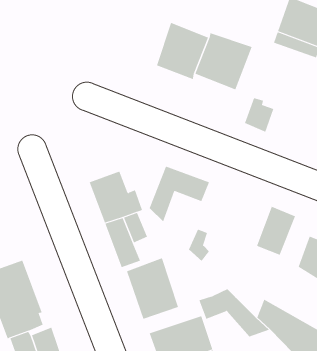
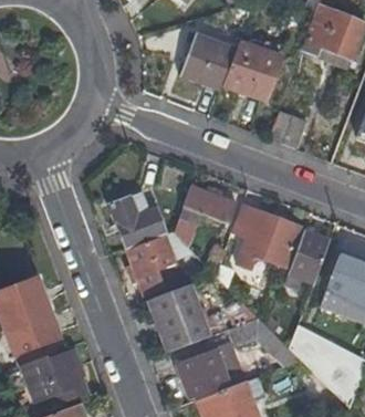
building: none -> [241,210,303,268]

